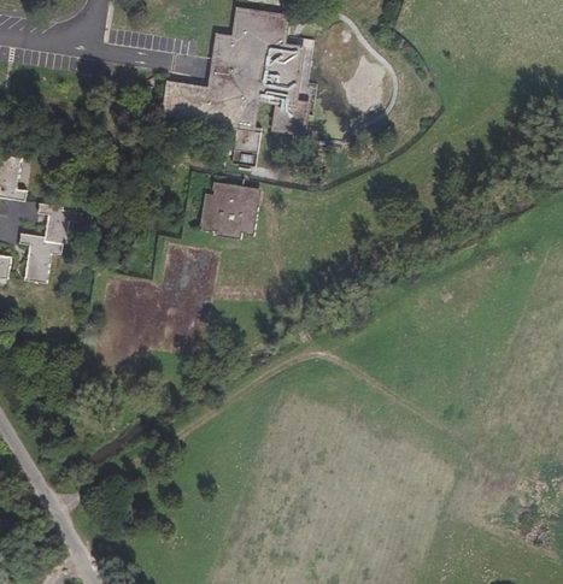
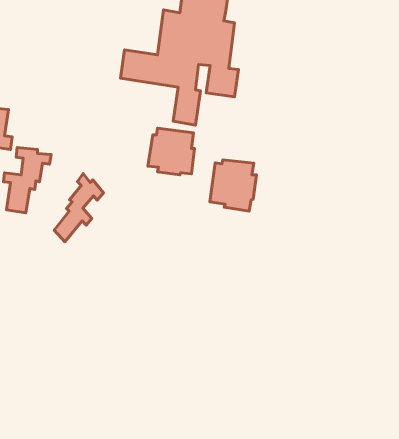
building: none -> [210,160,257,211]
building: none -> [54,174,104,242]

